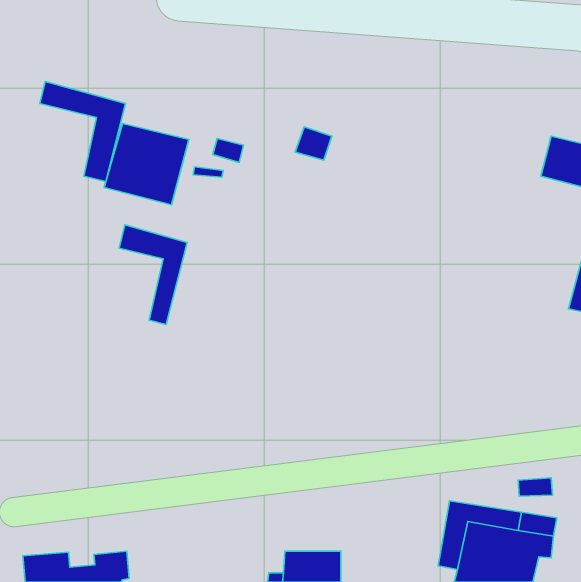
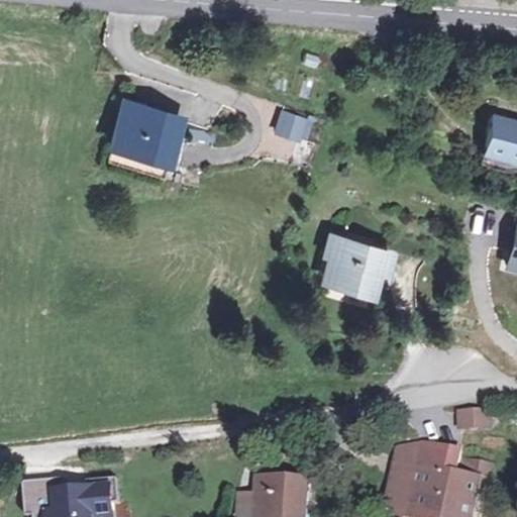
building: [40,81,126,182] -> none
building: [119,225,187,325] -> none
building: none -> [328,234,397,298]

